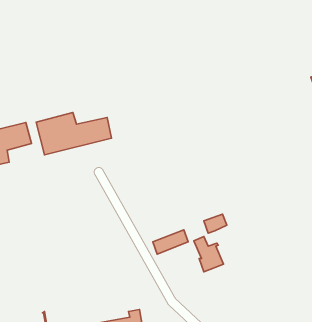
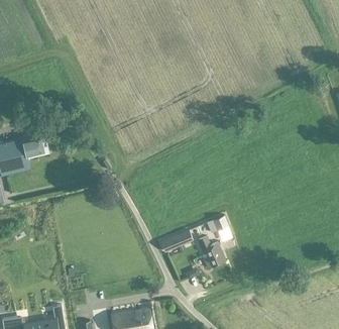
building: [36,113,112,155] -> none

